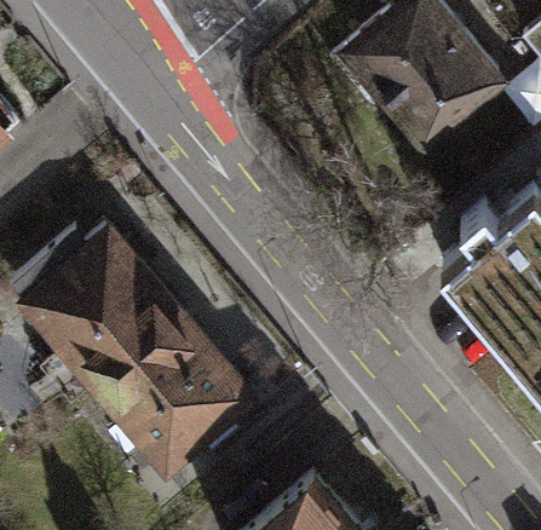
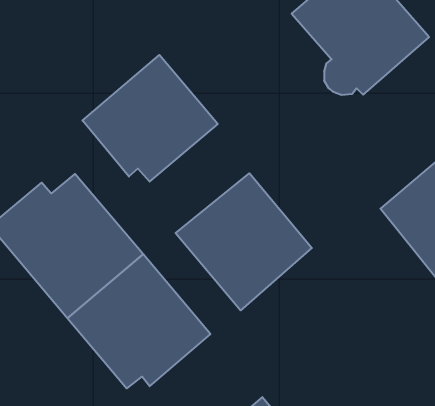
building: none -> [82,55,218,182]
building: none -> [176,173,312,310]

